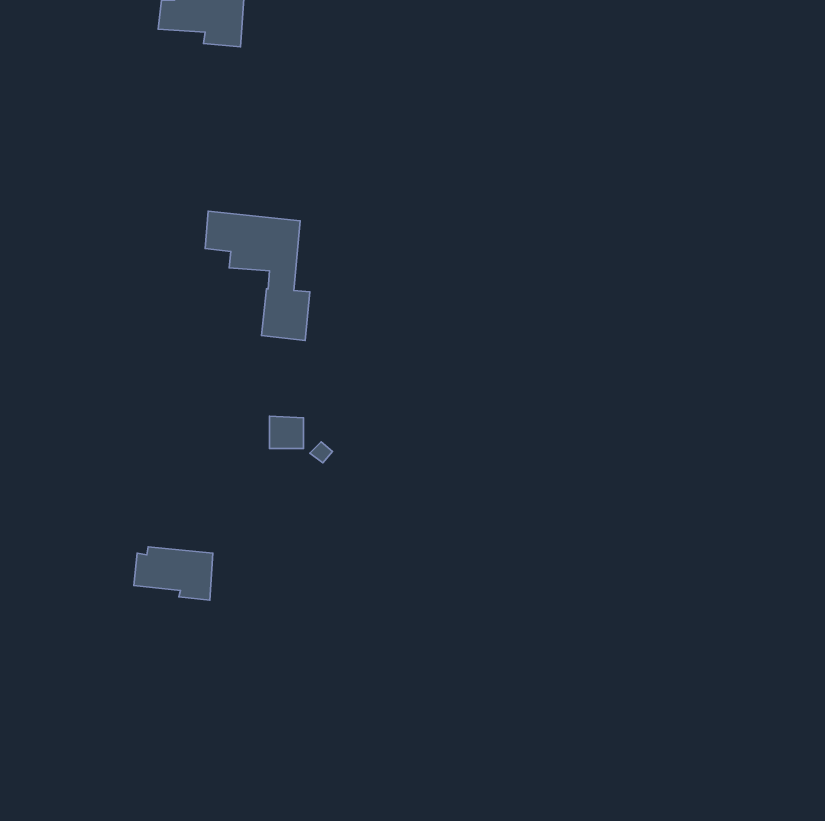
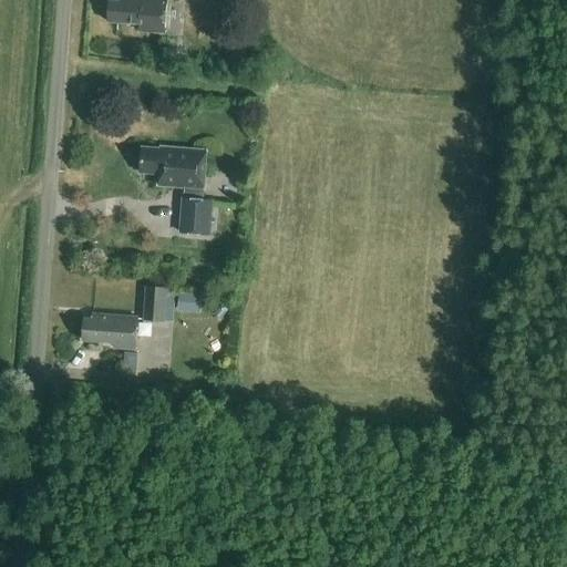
building: none -> [143,287,167,322]
building: [134,547,213,600] -> [82,312,136,349]

